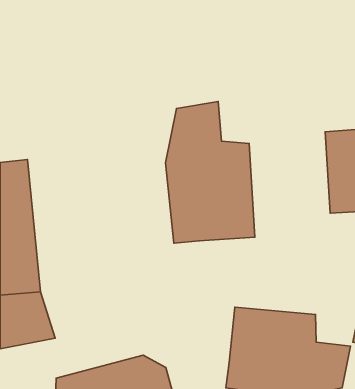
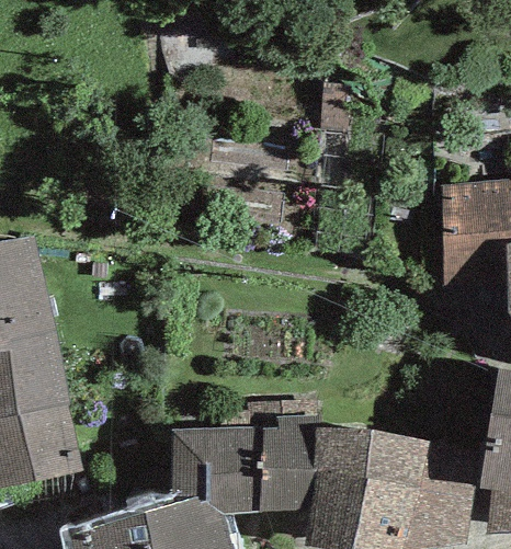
building: [166,101,255,243] -> none
building: none -> [171,415,319,512]

